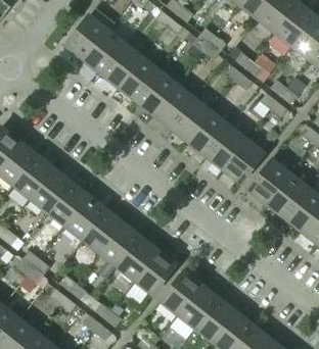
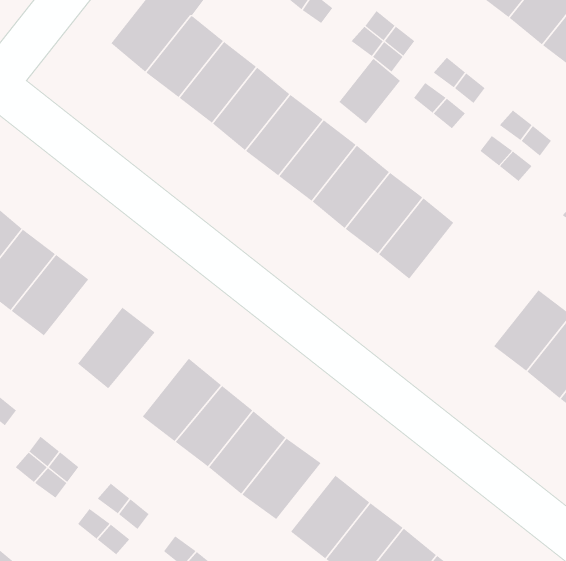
building: none -> [339,58,401,125]
building: [222,139,264,183] -> none
building: [247,158,289,203] -> none
building: [31,168,72,212] -> none
building: [64,196,106,240] -> none

